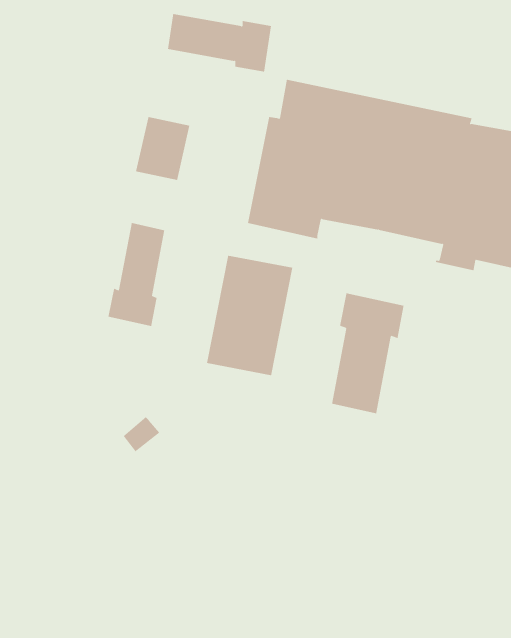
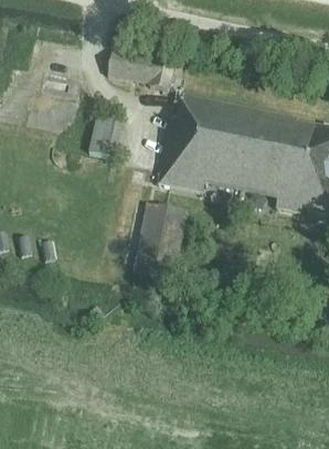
building: [108,222,165,327] -> none
building: [332,293,404,414] -> none

